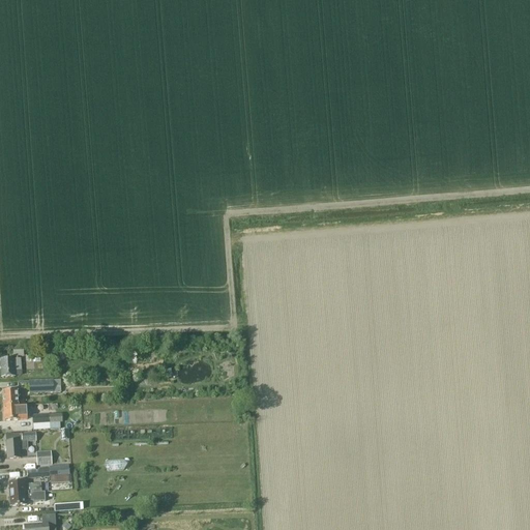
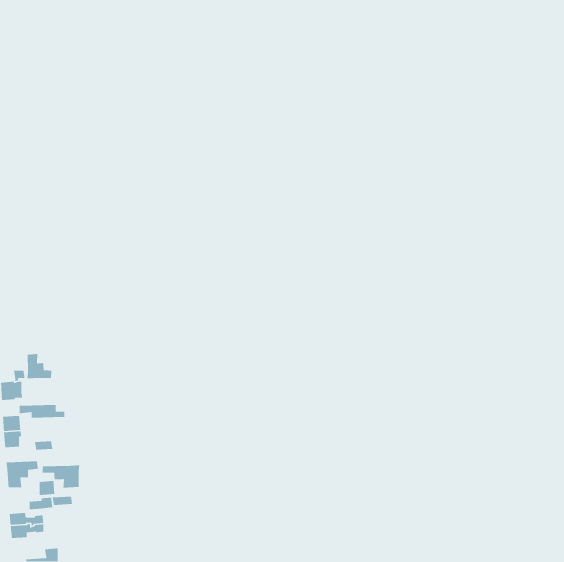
building: none -> [27,353,52,379]
building: none -> [42,464,80,488]

